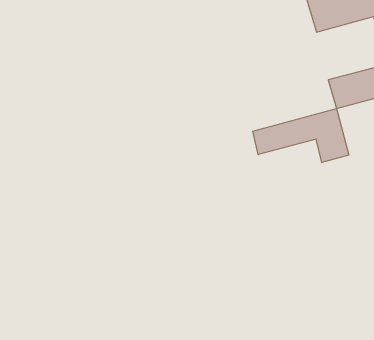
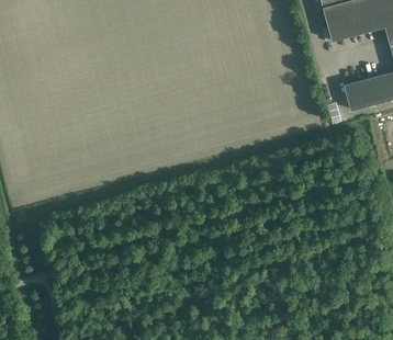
building: [253,109,349,163] -> none

